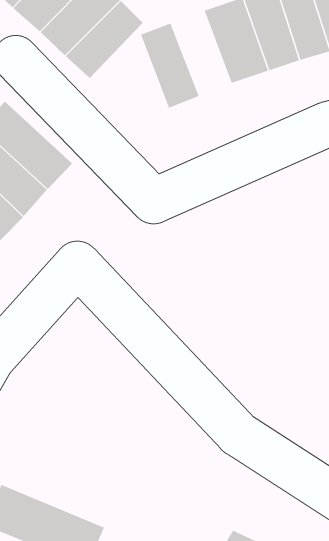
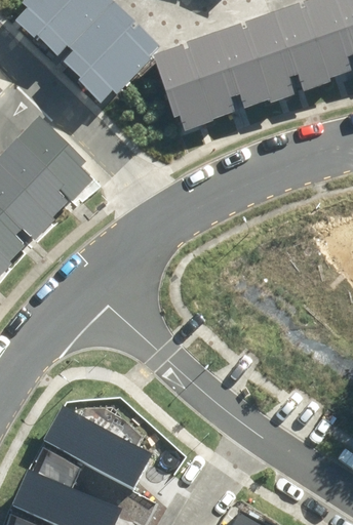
building: none -> [182,41,236,118]
building: none -> [42,403,153,488]

